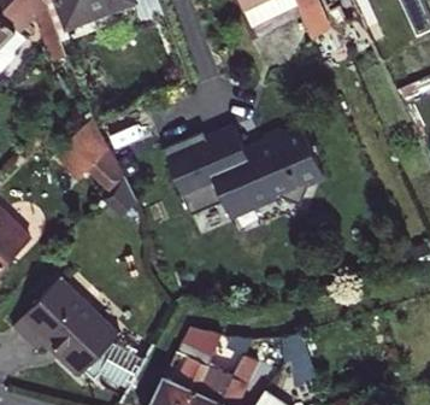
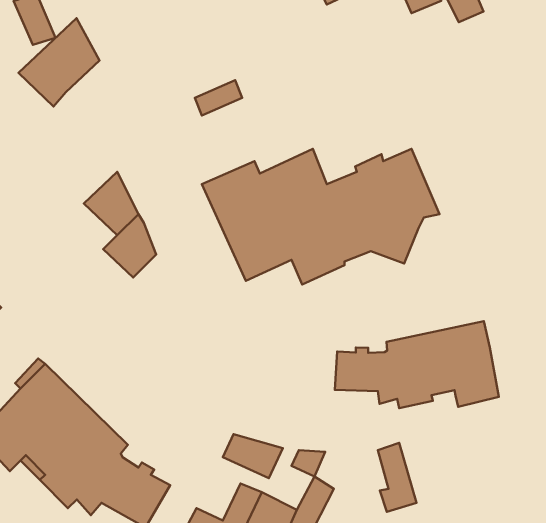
building: [53,117,108,177] -> [18,18,99,106]
building: none -> [335,321,499,408]

